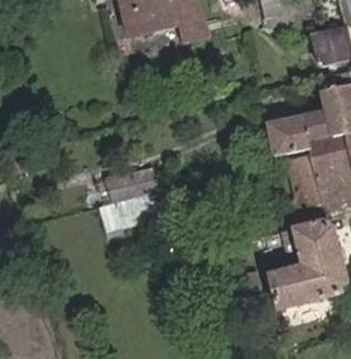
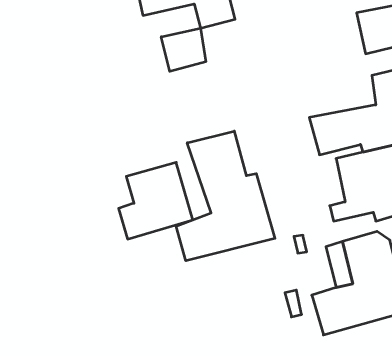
building: none -> [161,28,206,71]
building: none -> [176,131,275,261]

